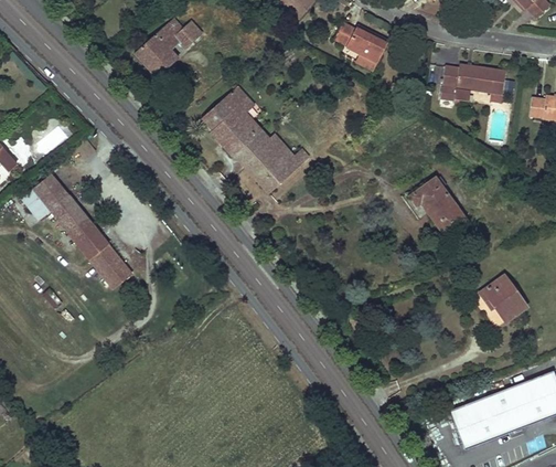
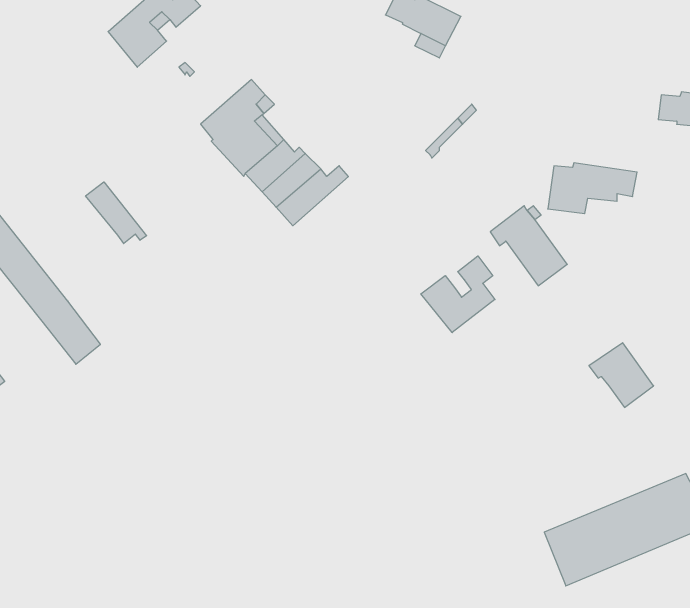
building: [442,64,506,100] -> [548,163,637,214]
building: none -> [86,182,147,244]
building: none -> [421,256,495,333]

